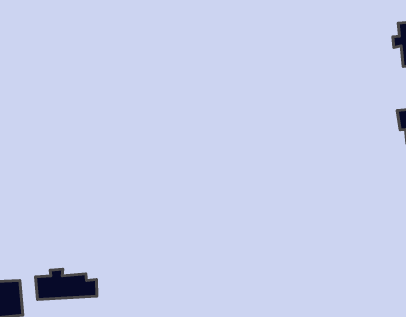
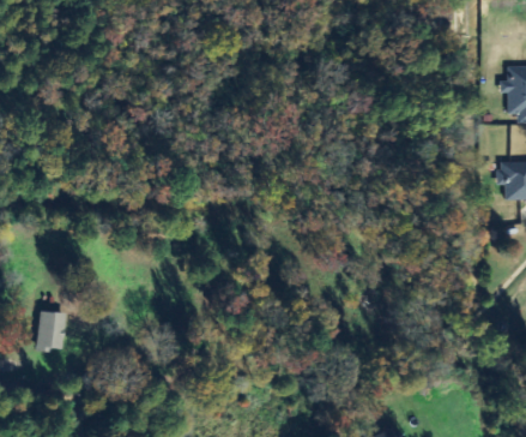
building: [36,269,97,300] -> none

